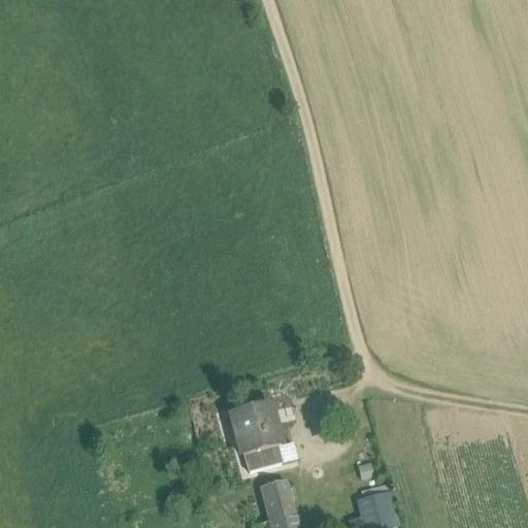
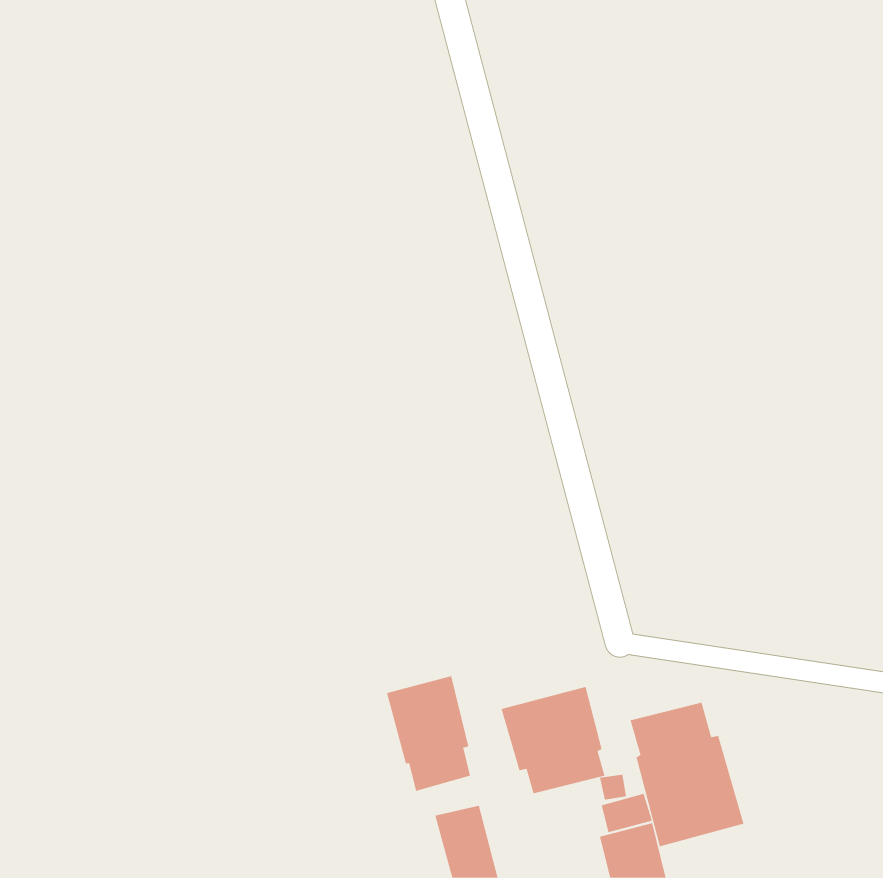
building: none -> [501,686,605,794]
building: none -> [630,702,744,847]

